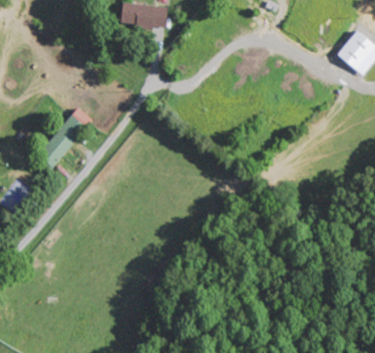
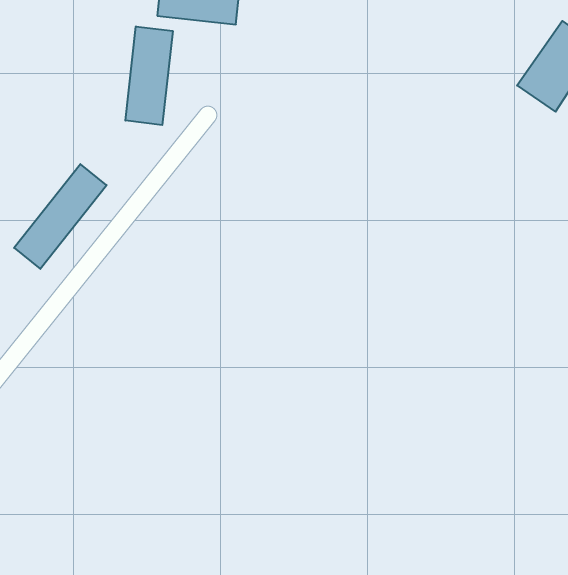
building: none -> [125,26,173,125]

